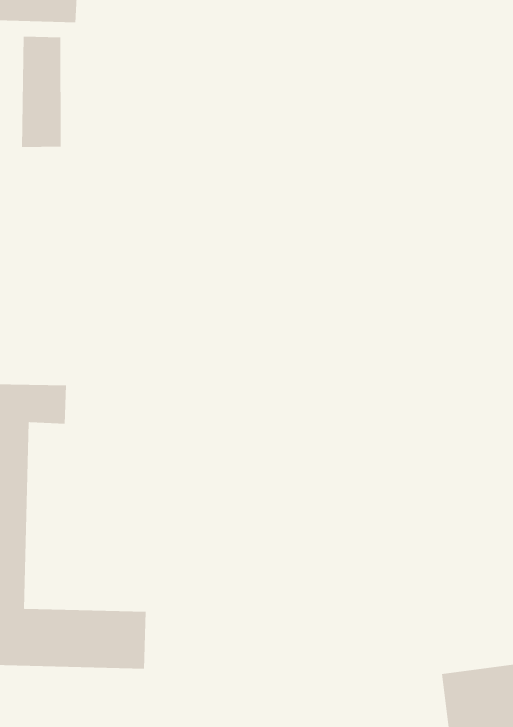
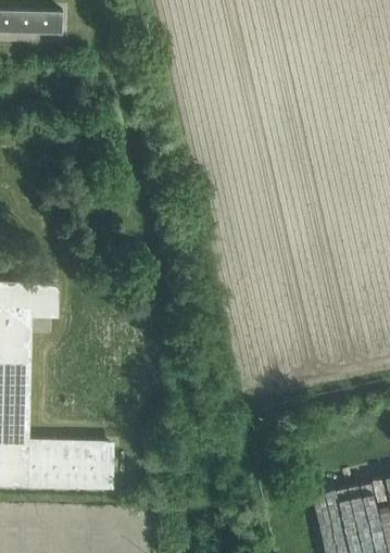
building: [22,36,61,148] -> none

